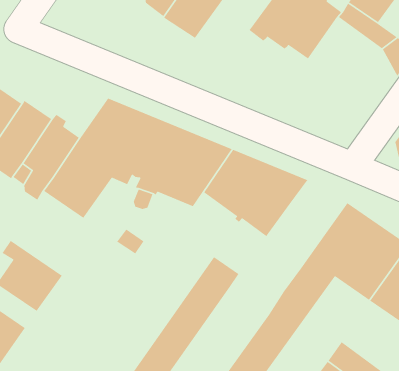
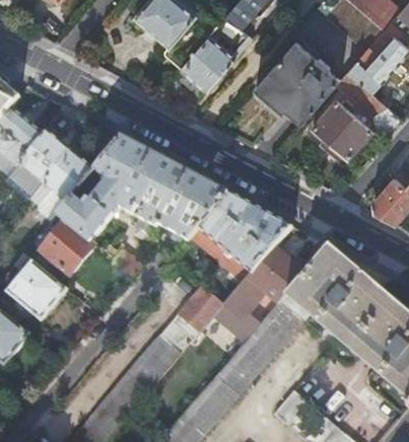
building: none -> [312,101,370,158]
building: none -> [33,213,96,276]
building: none -> [216,246,308,343]

